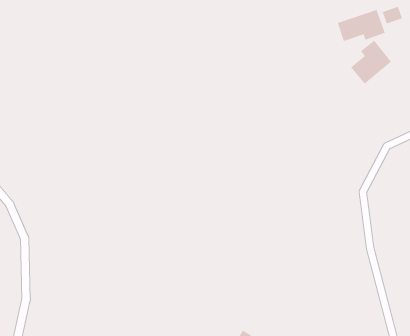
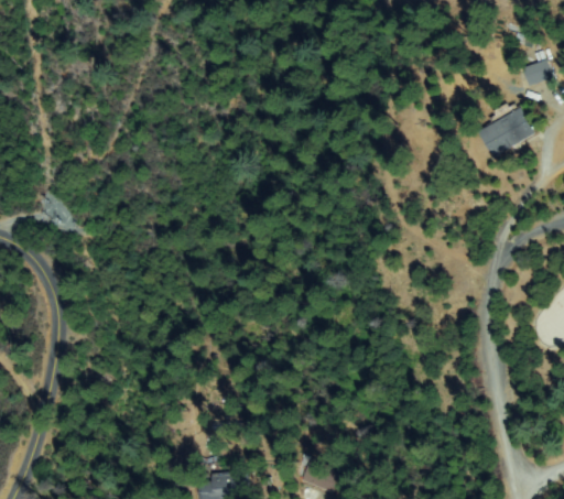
building: [337,9,386,42] -> none

